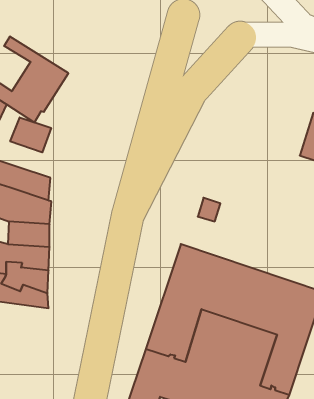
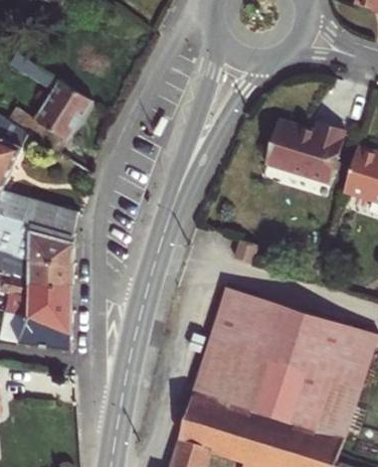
building: none -> [265,116,346,179]
building: [10,117,51,152] -> none

